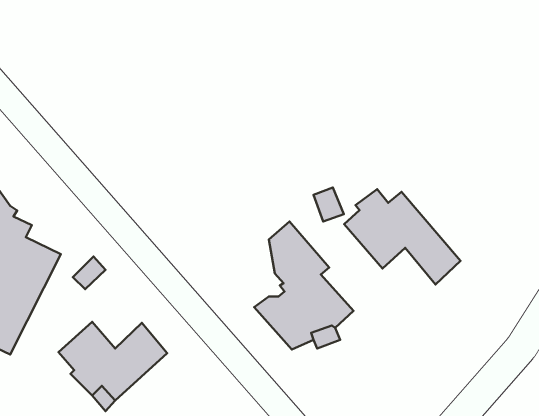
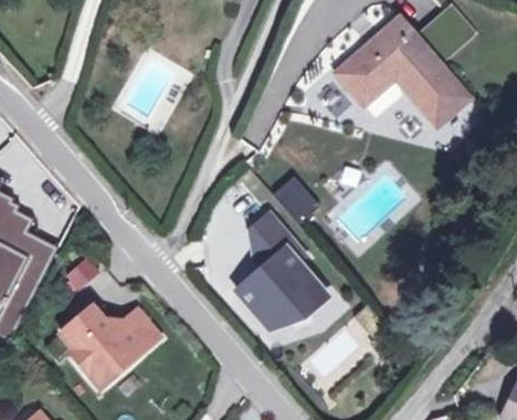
building: none -> [334,20,465,125]
building: [344,189,461,285] -> none

